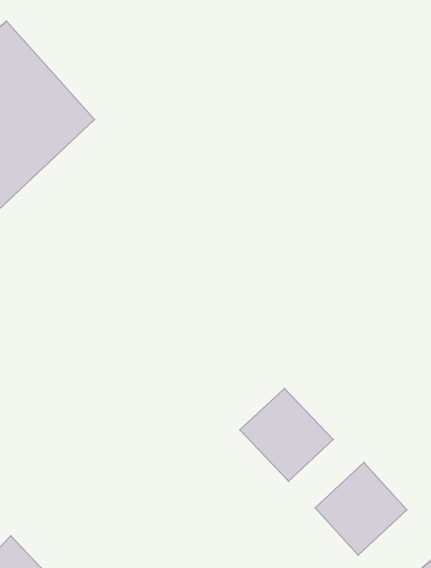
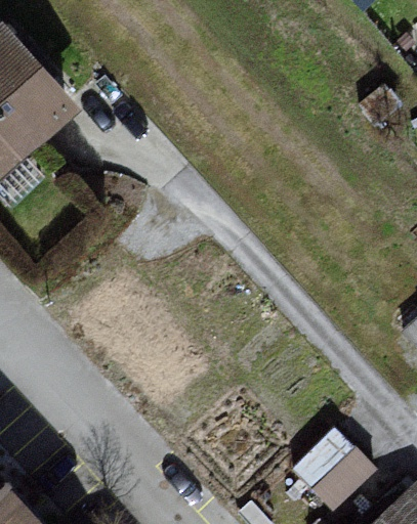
building: [240,388,333,481] -> none

